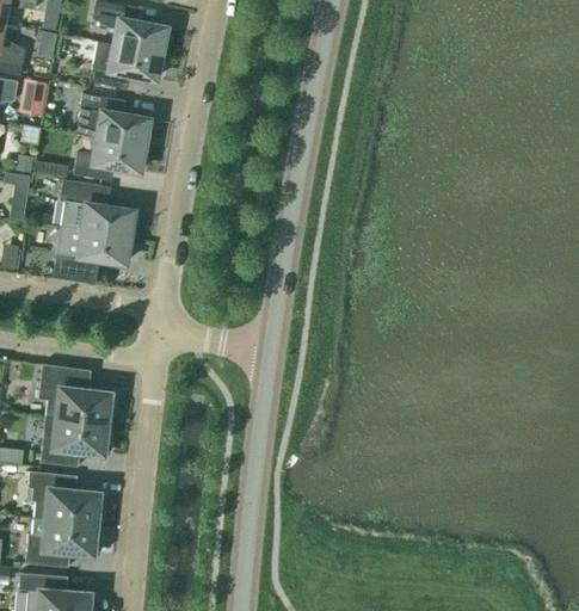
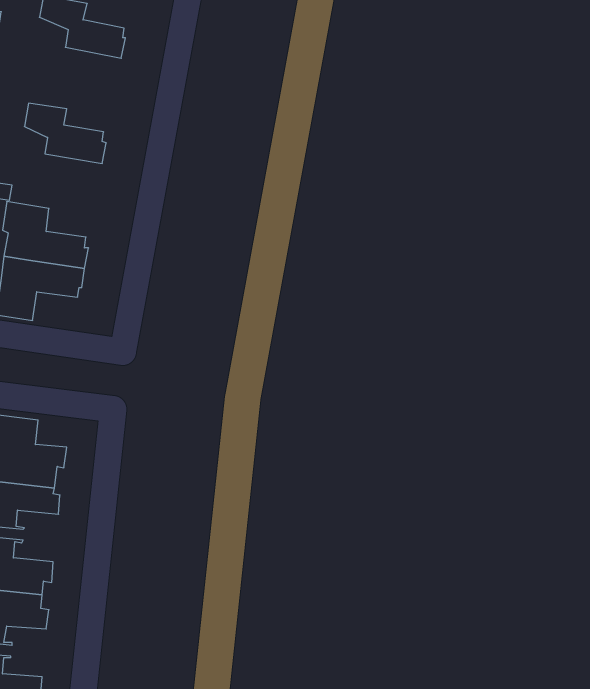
building: [90,44,164,86] -> none
building: [73,137,147,179] -> none

